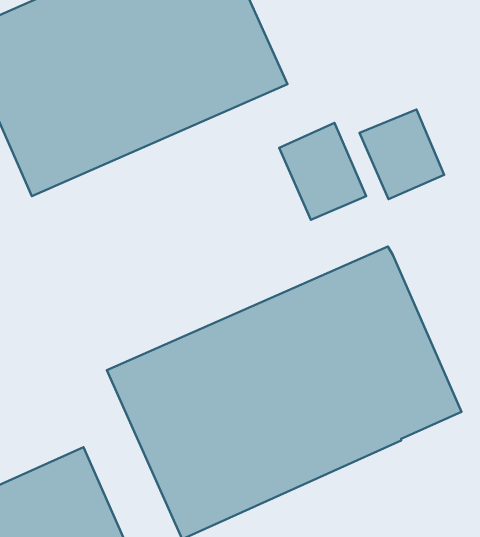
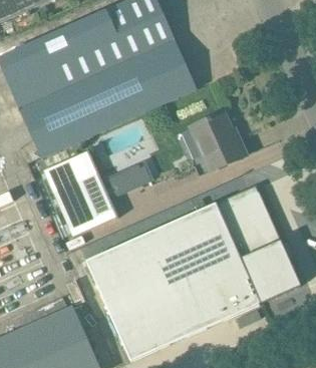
building: [360,109,444,199] -> none
building: none -> [43,149,151,236]

